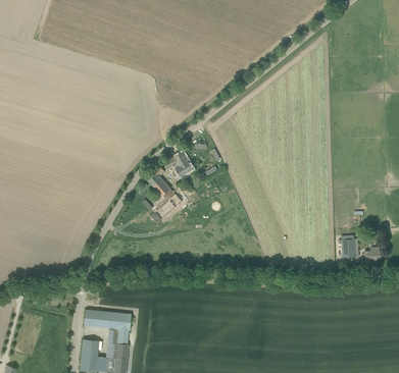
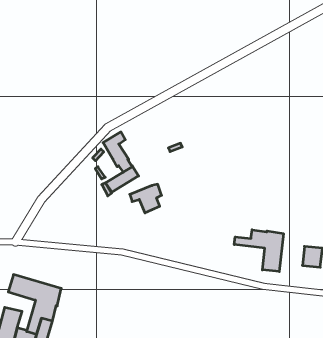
building: [164,149,193,176] -> [130,184,162,213]
building: none -> [234,230,283,272]

